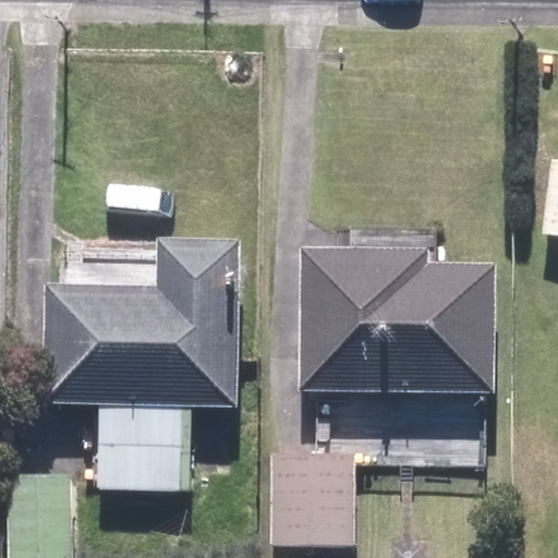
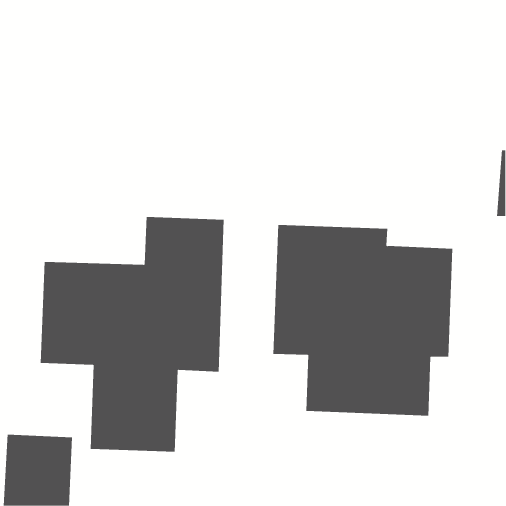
building: [266,452,355,542] -> none

